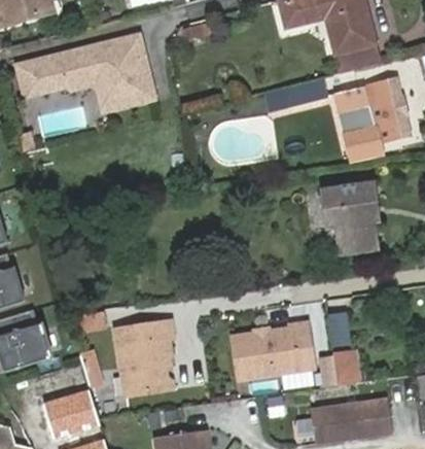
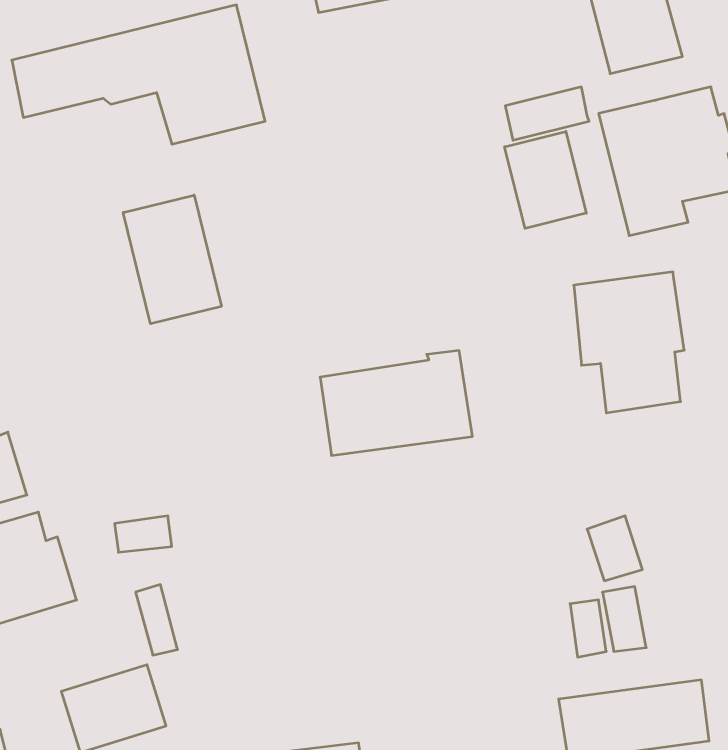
building: none -> [505,131,586,228]
building: none -> [123,195,221,324]
building: [114,320,173,393] -> none
building: [233,321,315,378] -> [320,351,472,455]

